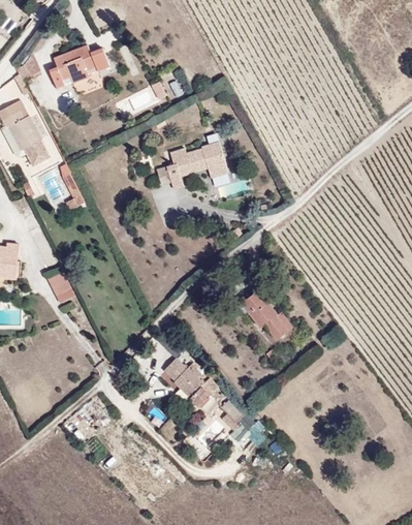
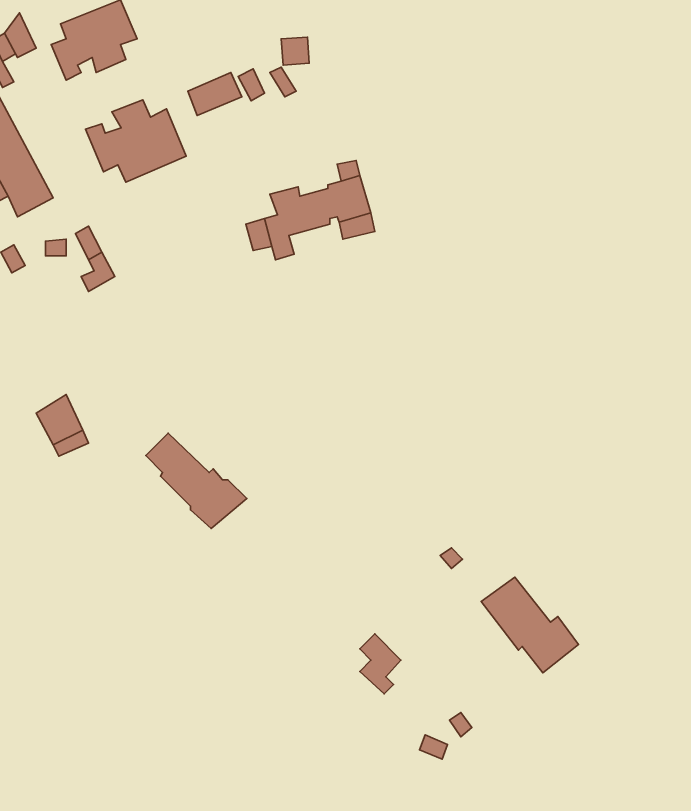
building: none -> [86,100,186,182]
building: [240,291,293,344] -> [481,577,578,673]
building: [163,357,219,409] -> [146,433,247,529]

